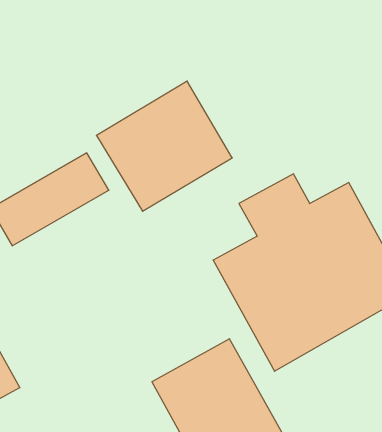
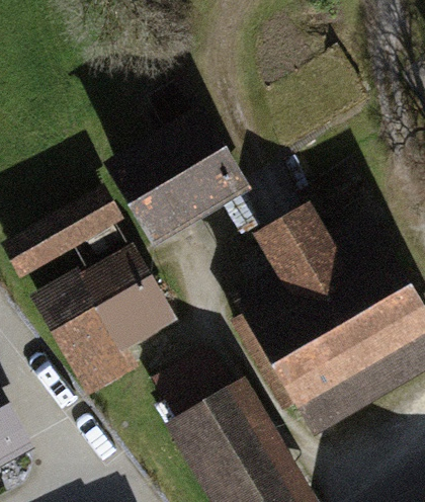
building: none -> [39,254,176,403]

